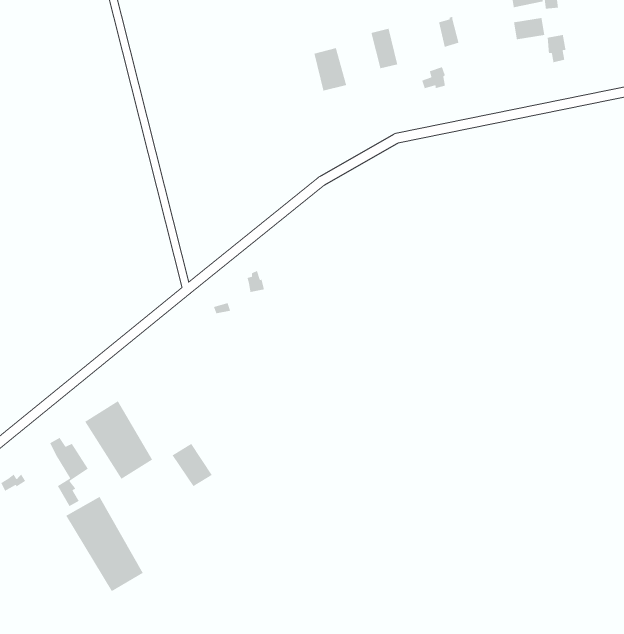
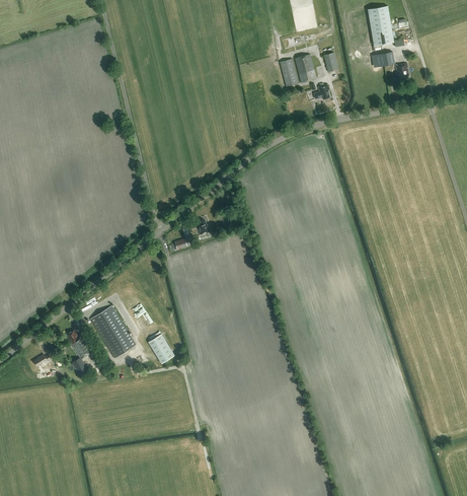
building: [314,47,347,92] -> [294,54,316,83]
building: [65,496,144,592] -> none

